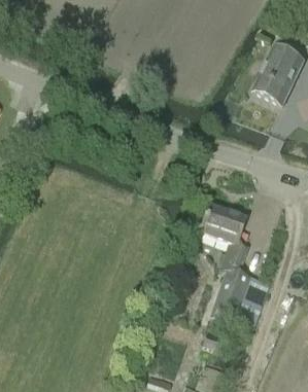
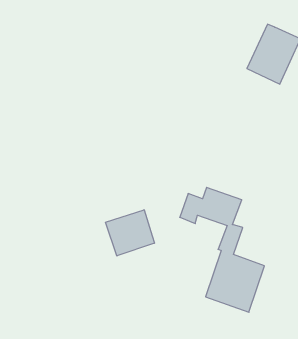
building: none -> [106,210,154,256]

